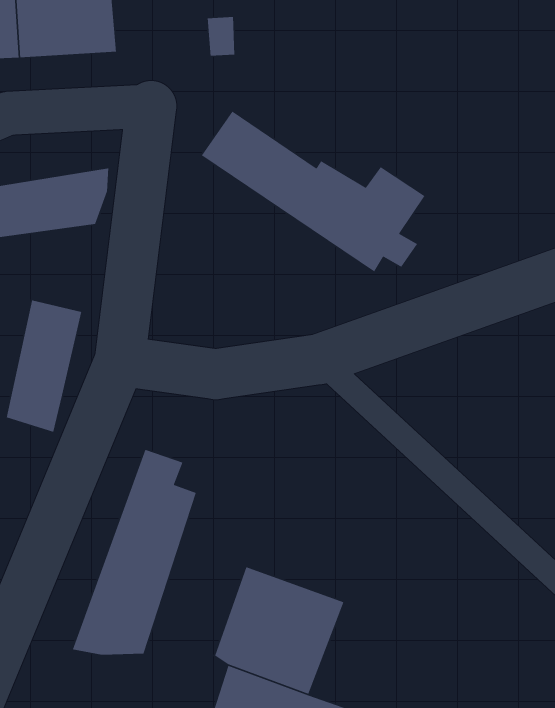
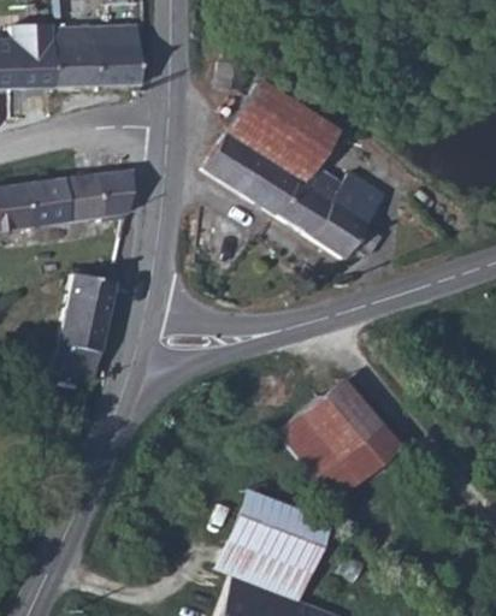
building: none -> [235,81,333,172]
building: none -> [291,384,392,484]
building: [72,449,197,655] -> none

